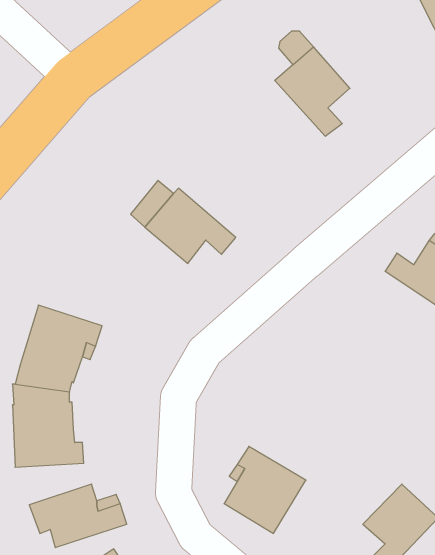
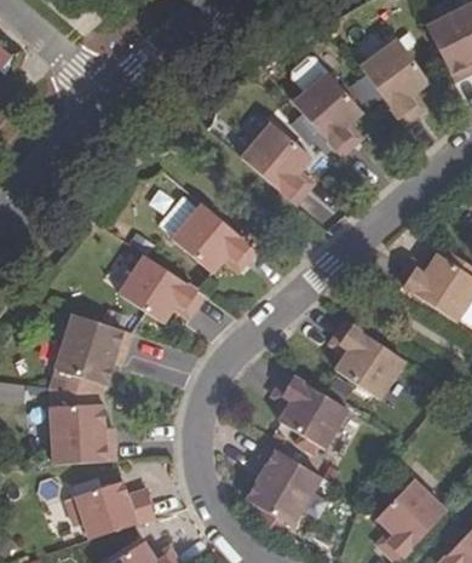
building: none -> [361,40,430,125]
building: none -> [242,123,312,205]
building: none -> [120,257,205,324]
building: none -> [334,321,404,400]
building: none -> [276,372,347,449]

